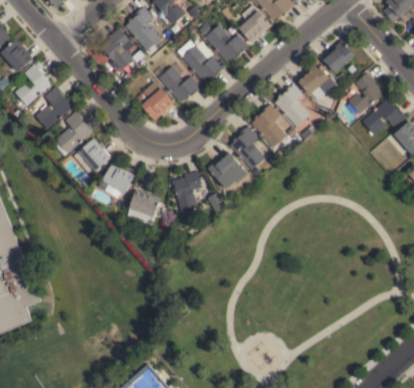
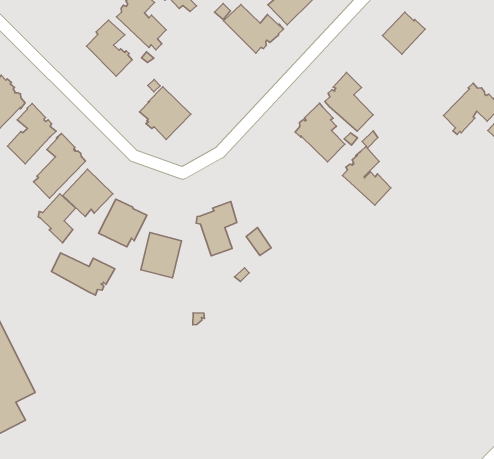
building: [177,39,224,82] -> none
building: [154,62,202,103] -> none
building: [296,62,336,101] -> none
building: [348,72,383,114] -> none
building: [229,126,264,170] -> [343,147,391,205]
building: [207,151,247,189] -> none
building: none -> [38,194,75,243]
building: none -> [51,253,115,295]

